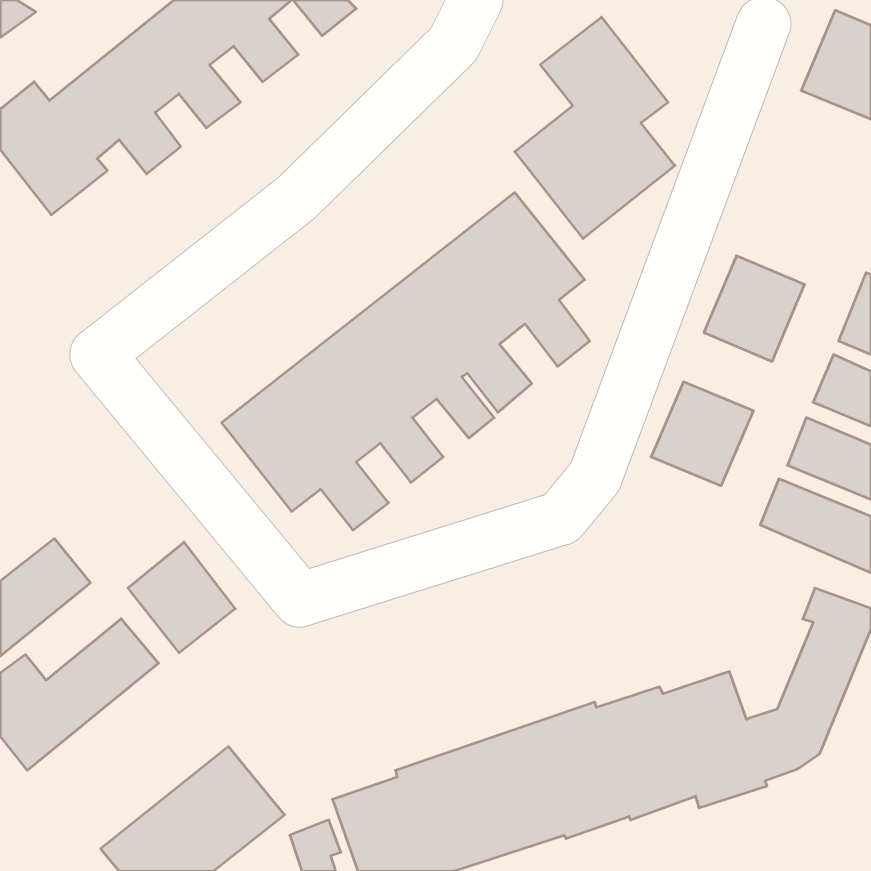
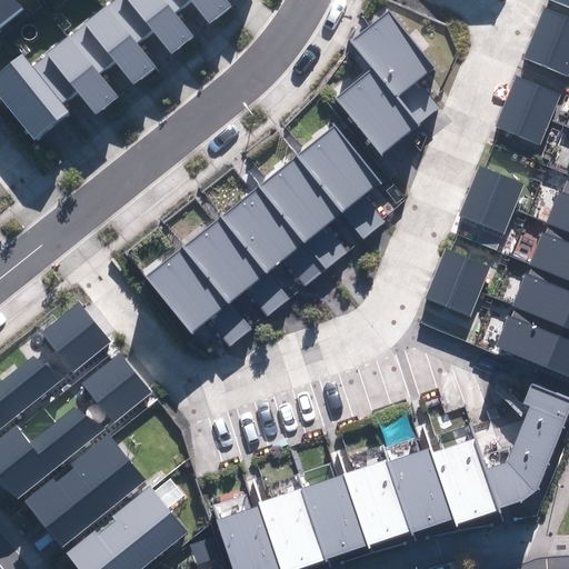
building: none -> [496,76,561,144]
building: none -> [40,302,111,375]
building: none -> [24,436,143,546]

